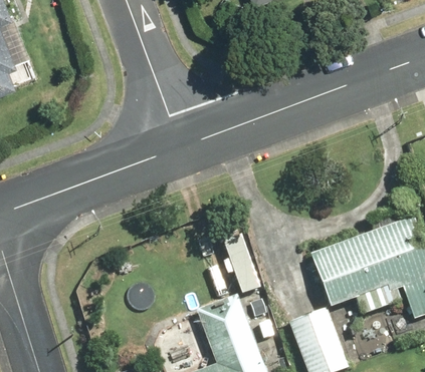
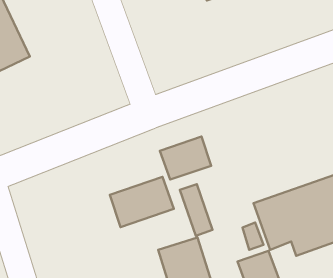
building: none -> [160,136,211,180]
building: none -> [110,177,174,227]

